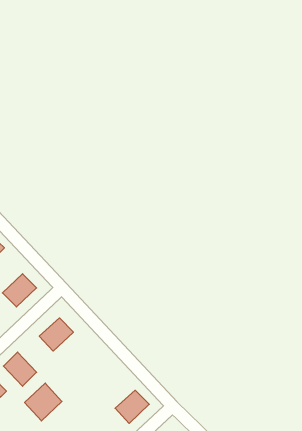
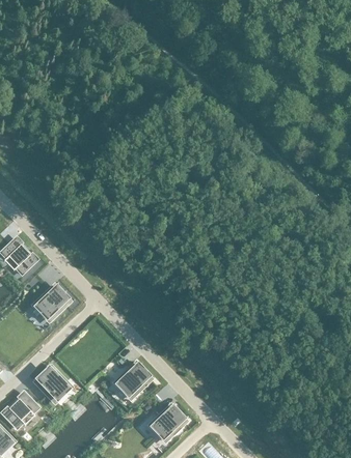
building: [39,318,73,351] -> [115,363,151,397]
building: [25,383,62,421] -> none

